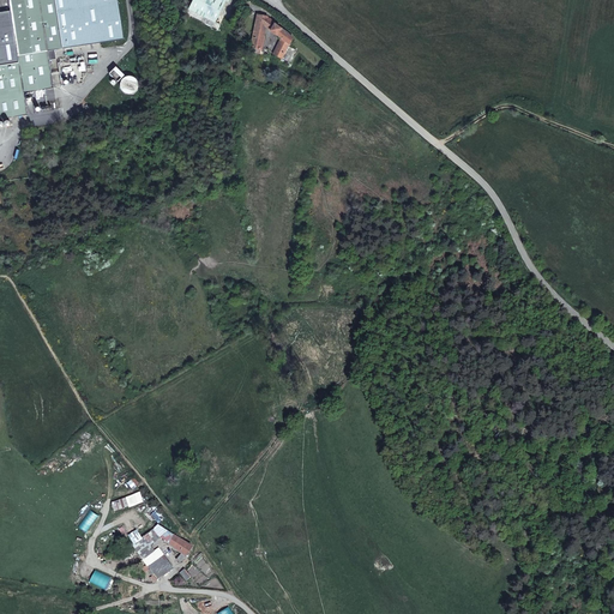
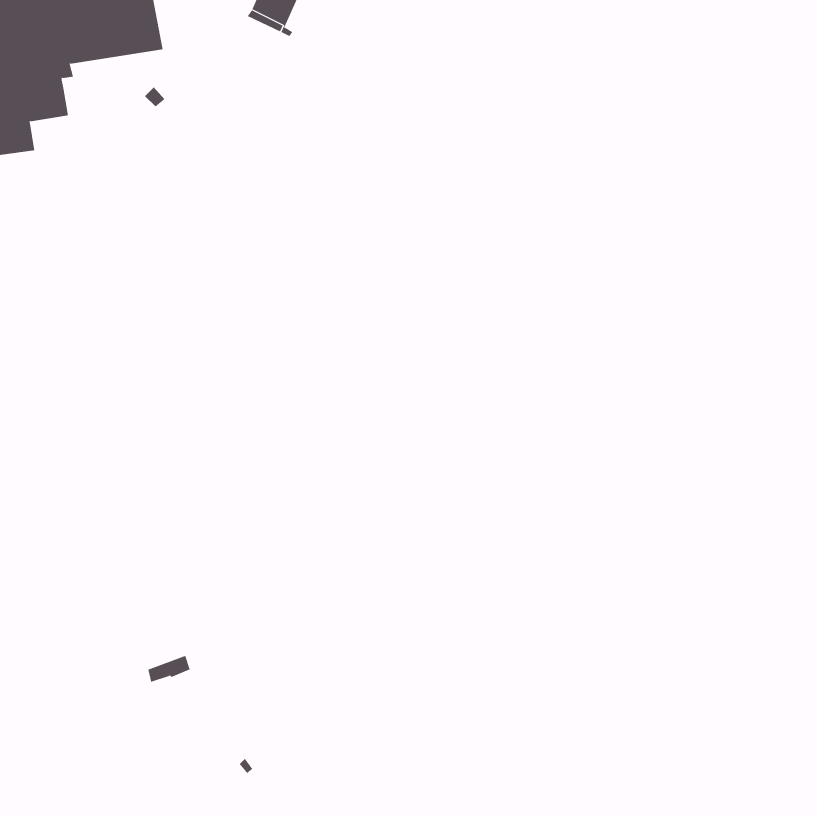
building: [251,13,290,60] -> none
building: [131,523,192,578] -> none

